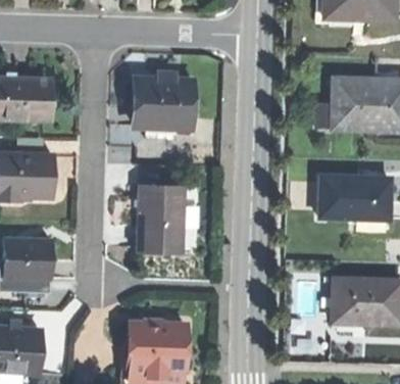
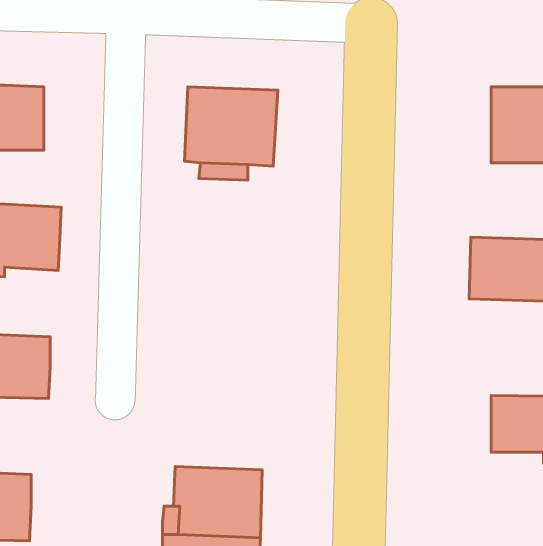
building: [139,186,187,253] -> none

